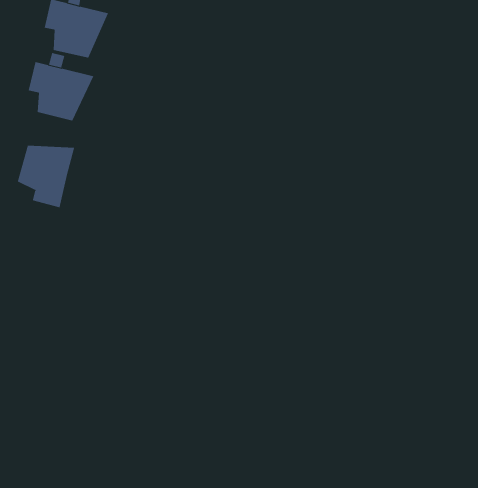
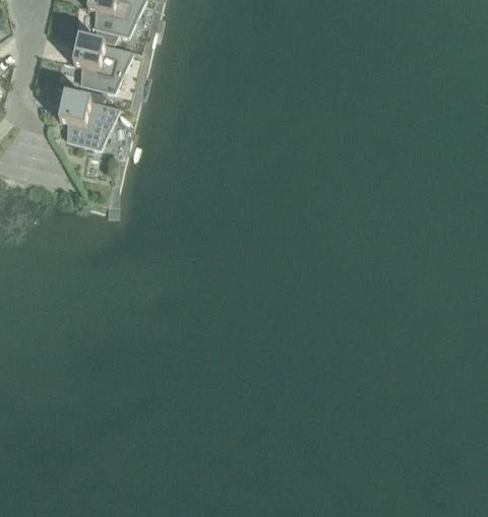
building: [17,145,75,208] -> none

